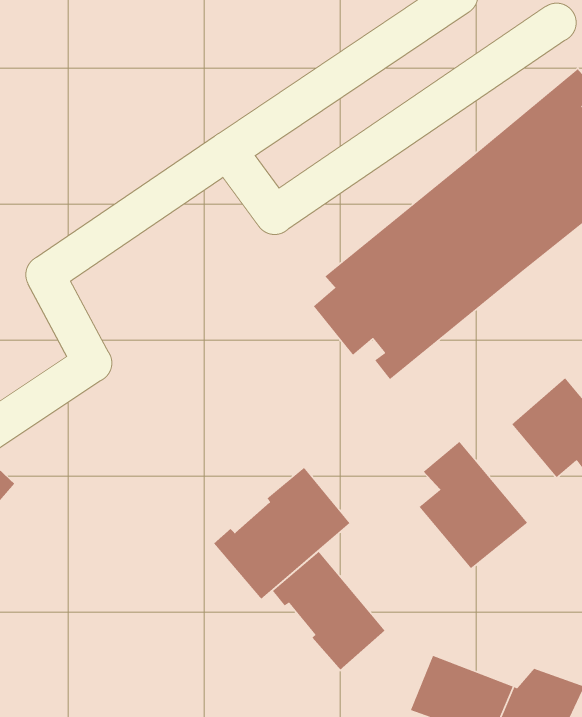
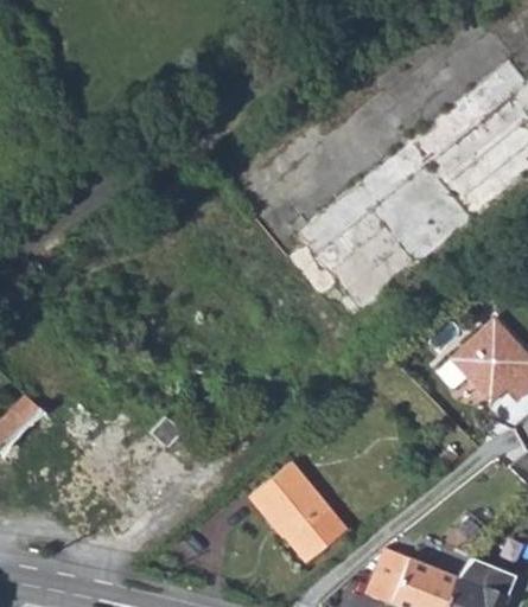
building: [419,441,528,569] -> none
building: [213,467,351,600] -> none

